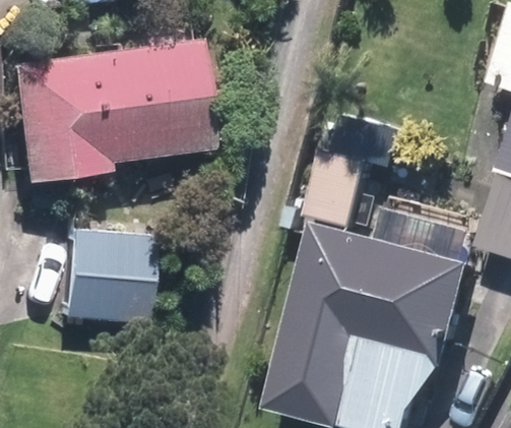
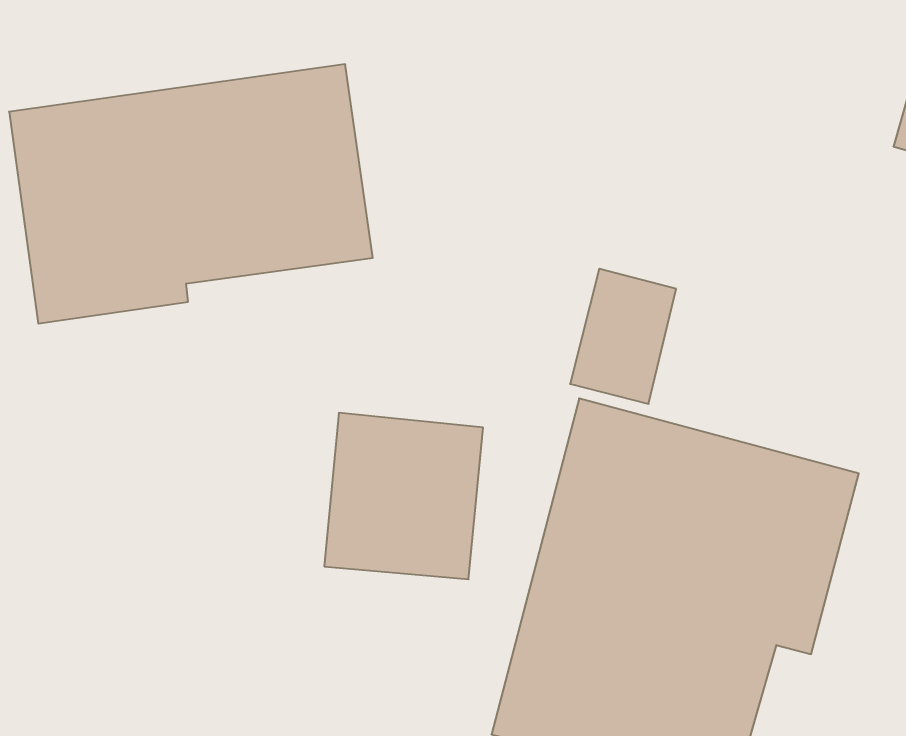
building: [65,230,153,322] -> [324,413,483,579]

